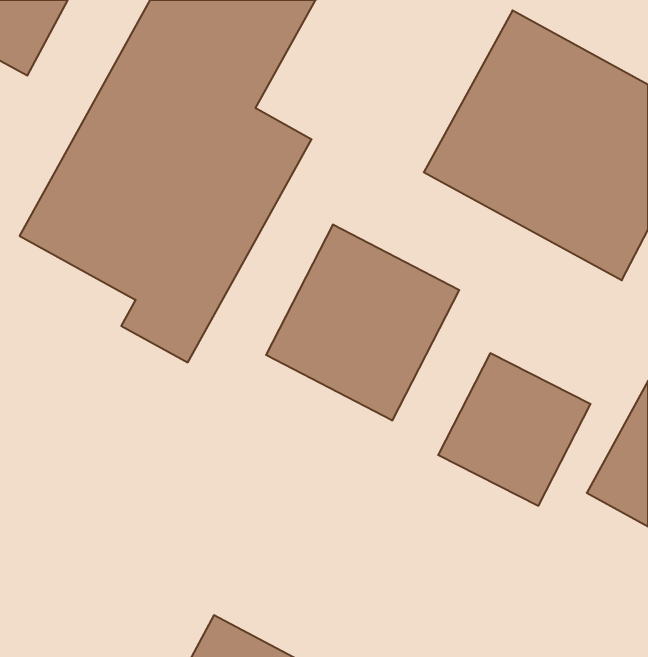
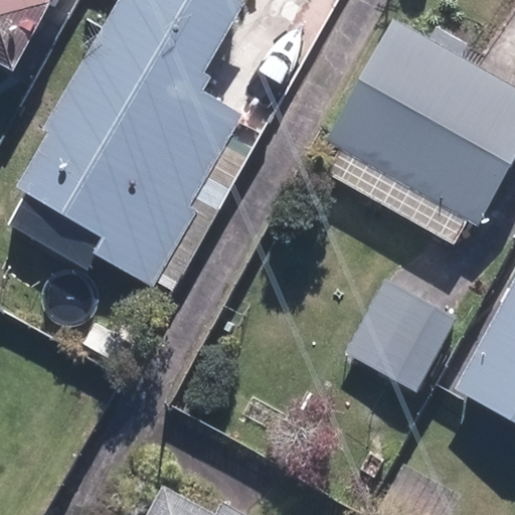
building: [266,224,459,421] -> none

